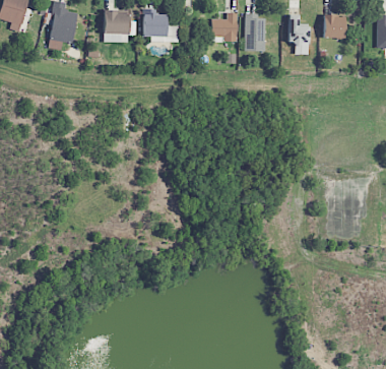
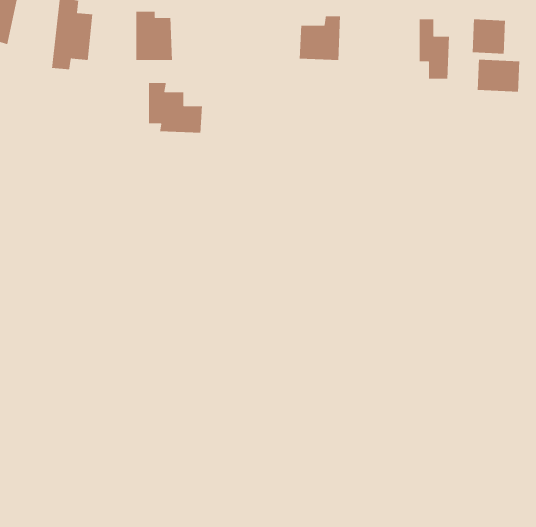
building: [143,8,179,42] -> [148,82,203,133]
building: [244,13,265,51] -> none
building: none -> [477,59,520,92]

